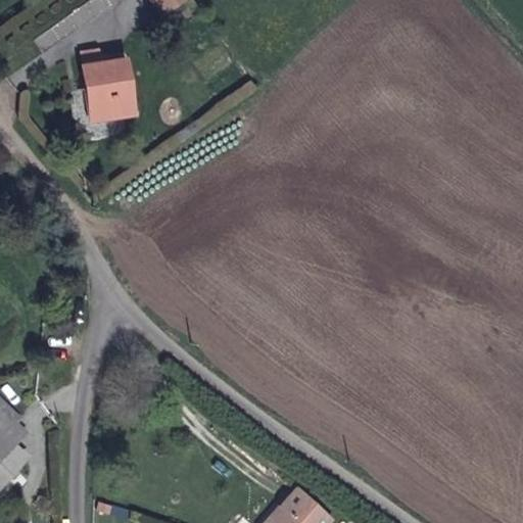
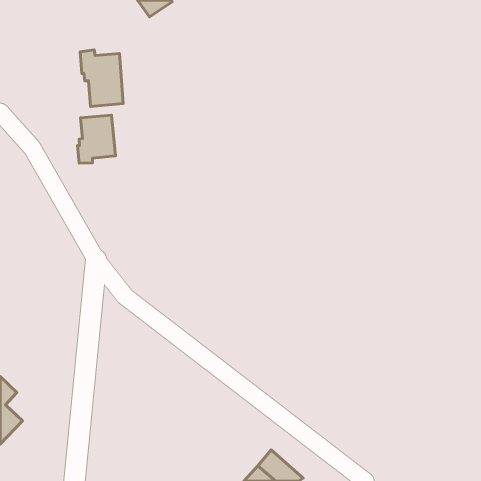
building: none -> [78,115,115,163]

